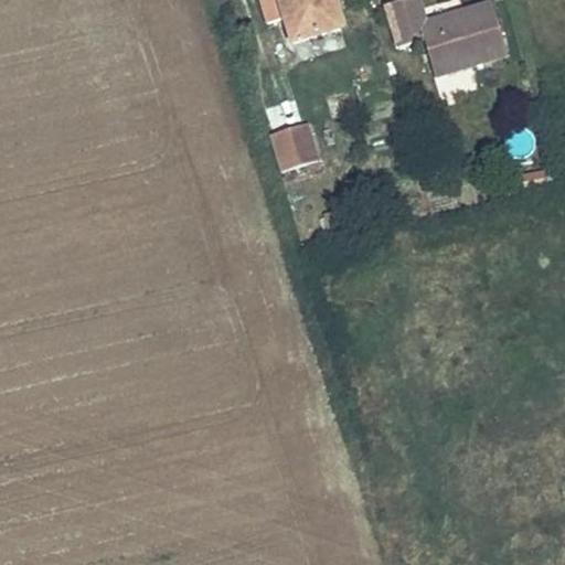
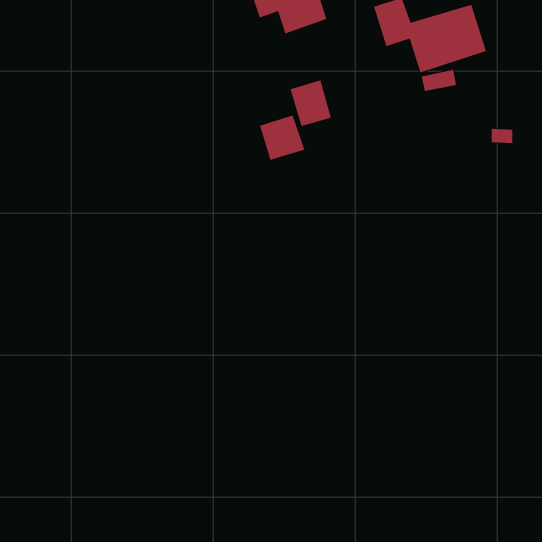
building: none -> [290,79,332,127]

